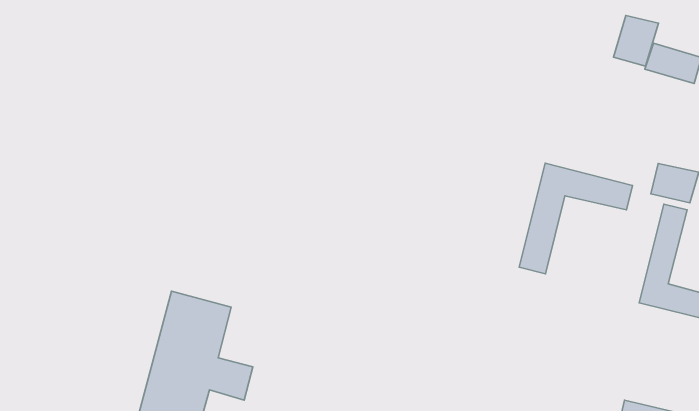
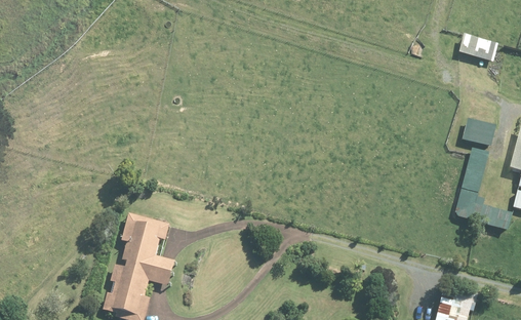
building: [614,16,659,66] -> none
building: [519,163,632,274] -> none

